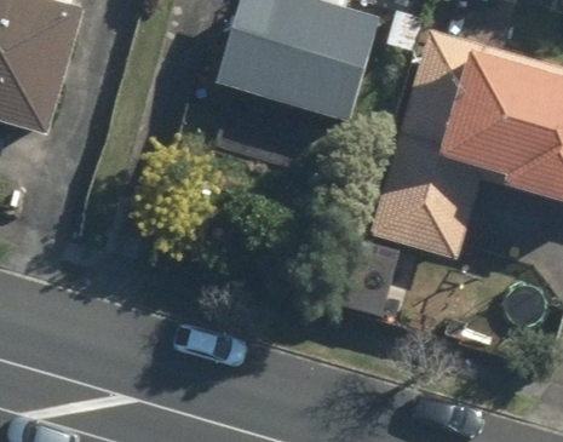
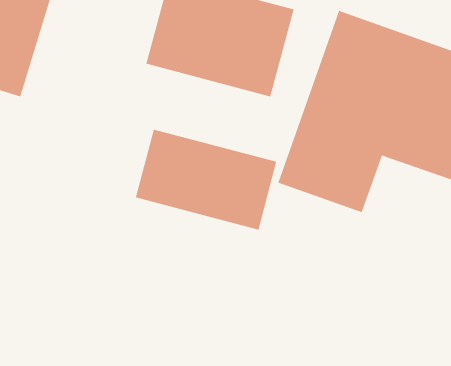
building: none -> [135,129,277,230]

